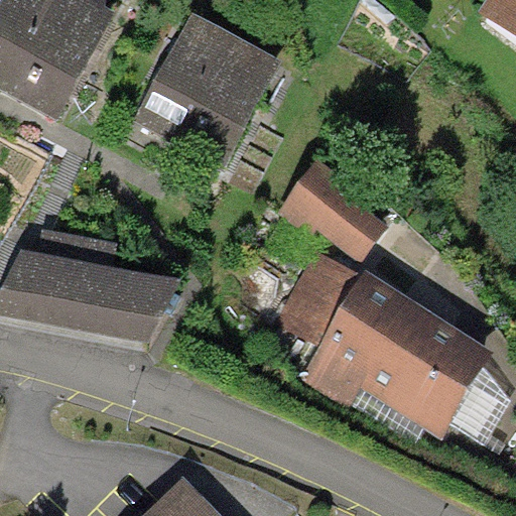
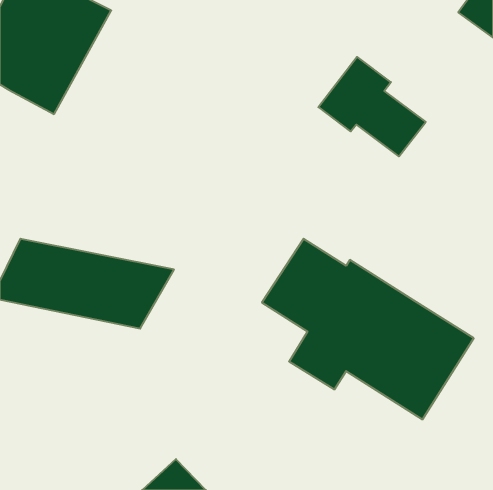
building: [132,11,282,170] -> none
building: [277,159,389,263] -> [318,57,426,156]

